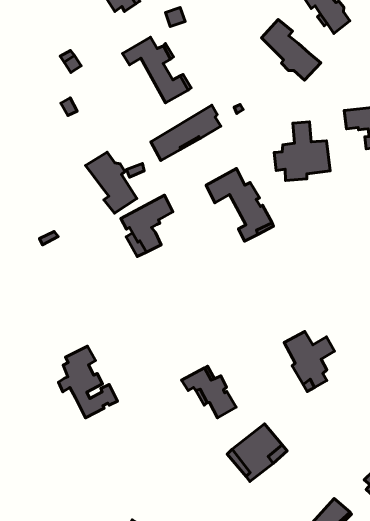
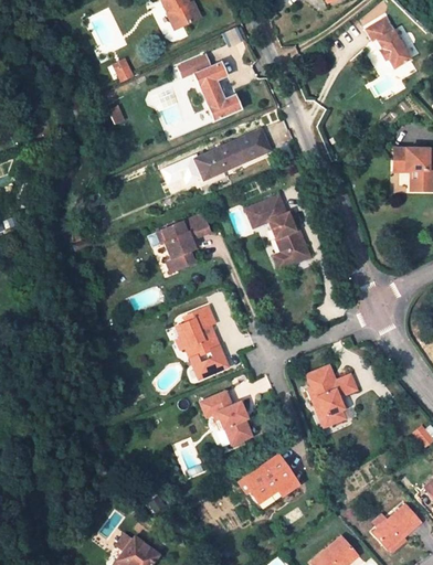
building: [261,19,321,80] -> none
building: [274,122,330,180] -> none
building: [86,152,137,213] -> none
building: [58,346,118,418] -> [177,308,234,380]

